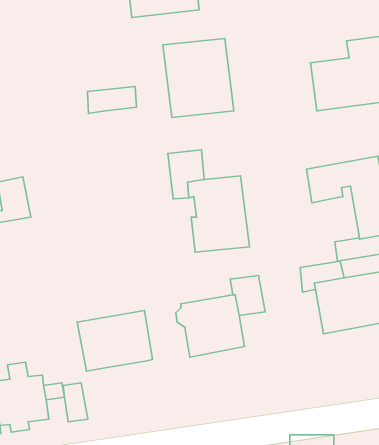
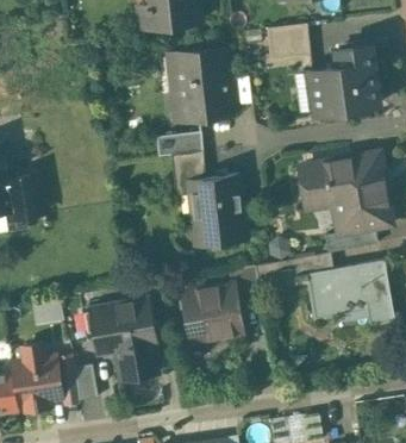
building: none -> [266,24,308,61]
building: [87,86,137,114] -> [156,131,201,156]
building: none -> [114,344,156,379]

